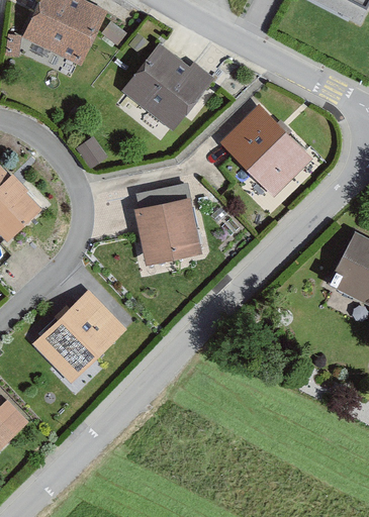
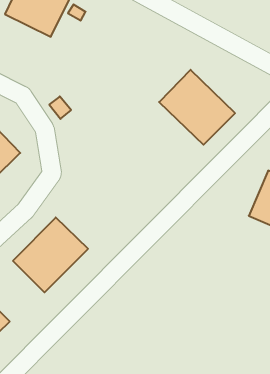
building: [122,45,212,128] -> none
building: [132,184,200,268] -> none

